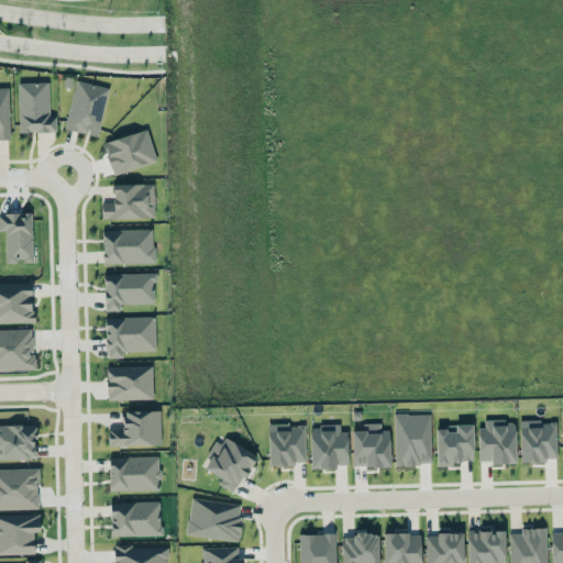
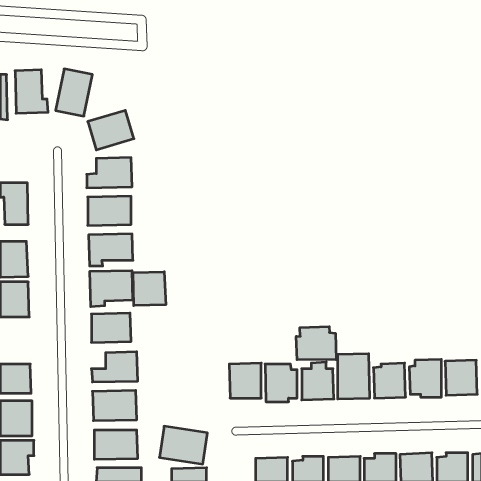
building: none -> [133,272,166,306]
building: none -> [296,327,336,360]
building: [202,439,256,494] -> none

